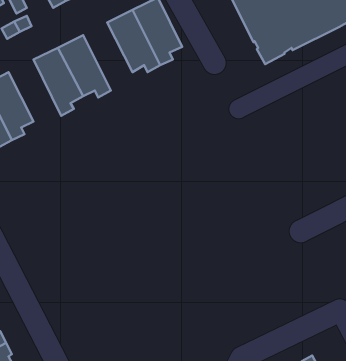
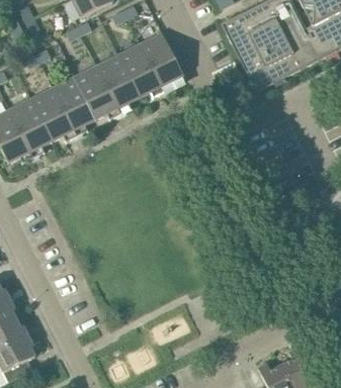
building: none -> [96,54,140,113]
building: none -> [30,86,77,140]

